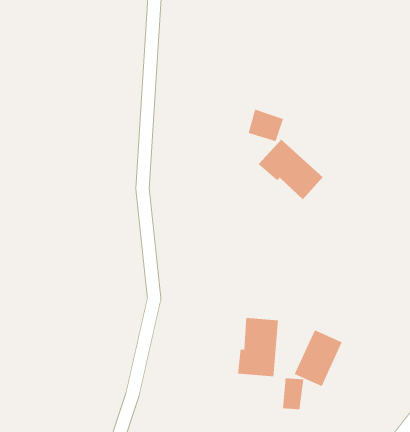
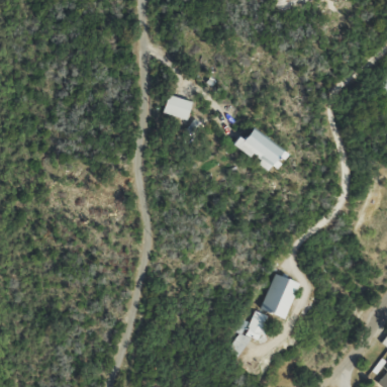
building: [248,109,284,142] -> [164,93,192,119]
building: [237,317,278,377] -> none

